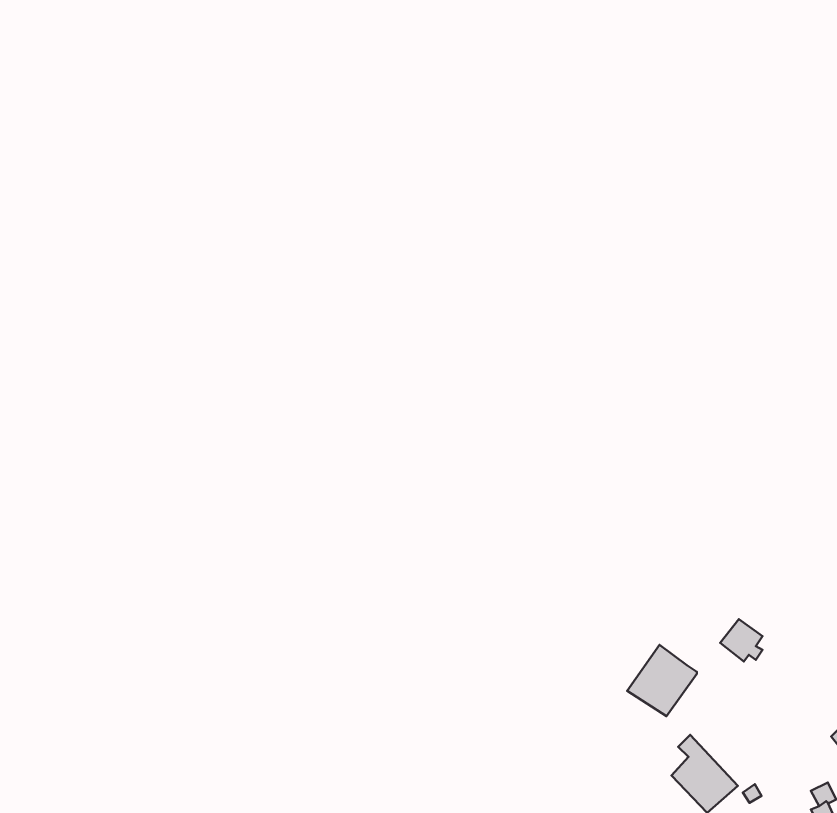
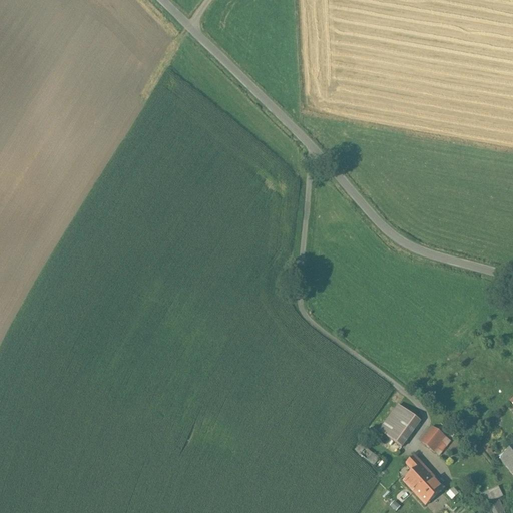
building: [720,619,763,662] -> [421,425,446,450]

